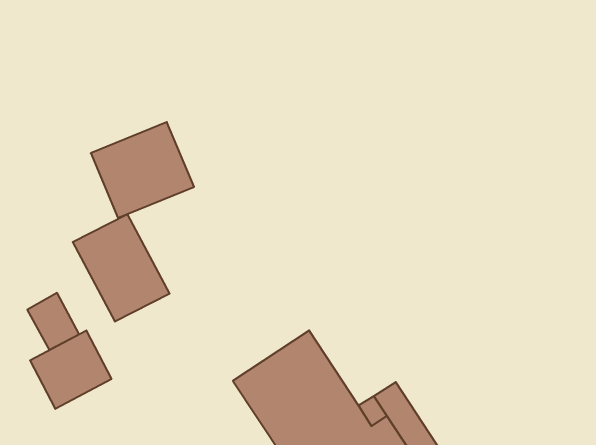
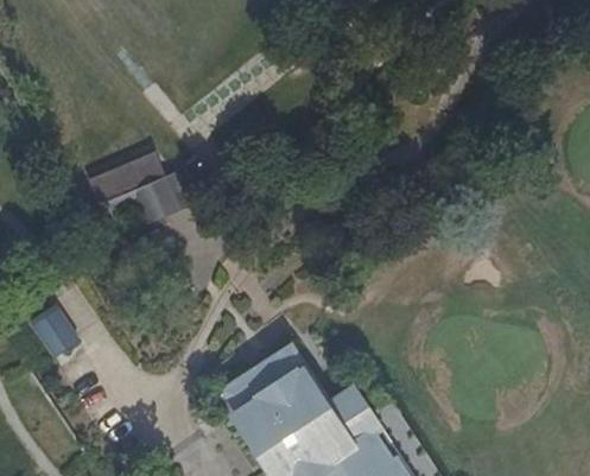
building: [73,214,170,322] -> none
building: [30,330,111,409] -> none

